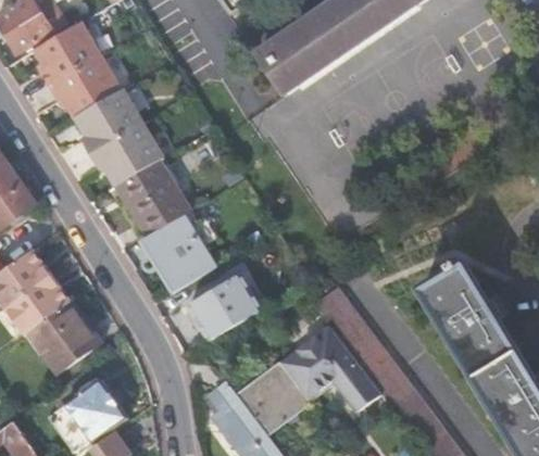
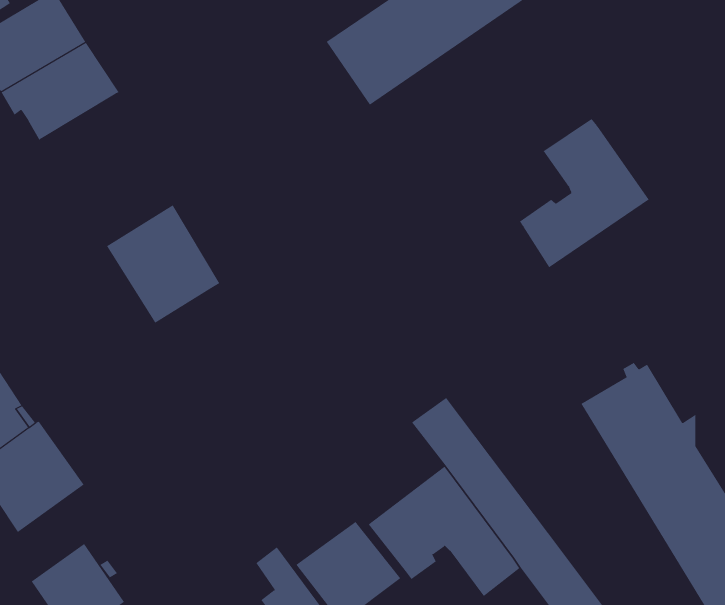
building: [72,87,163,186] -> none
building: none -> [519,118,650,268]
building: [140,213,213,290] -> none
building: [187,270,262,338] -> none

